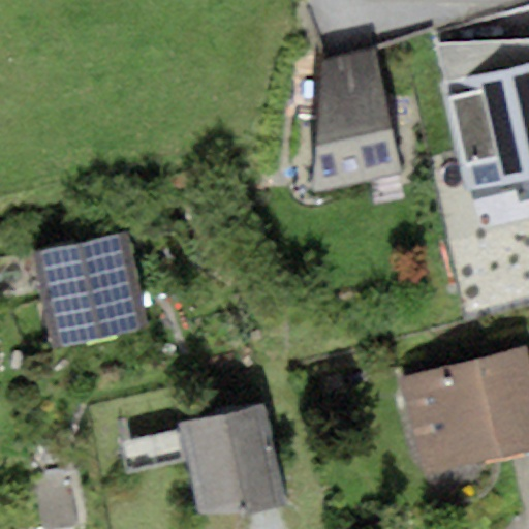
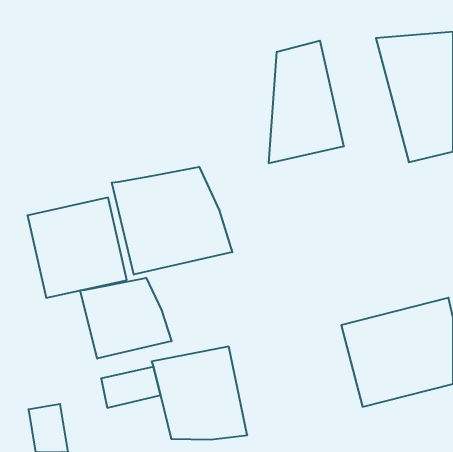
building: none -> [112,167,232,275]
building: none -> [80,278,172,359]

